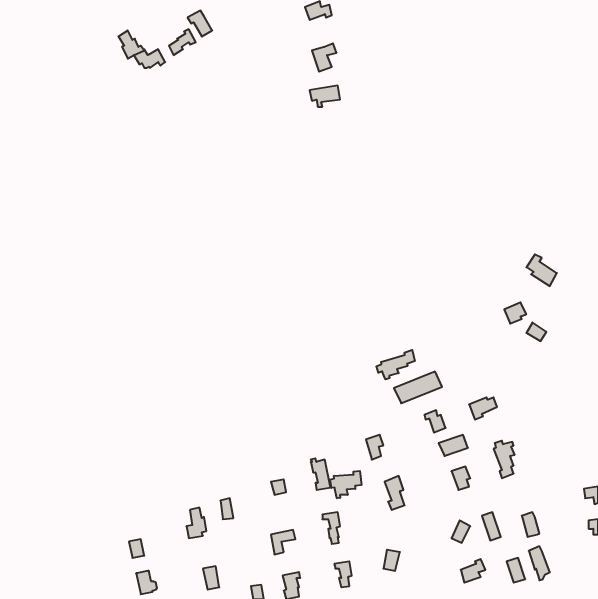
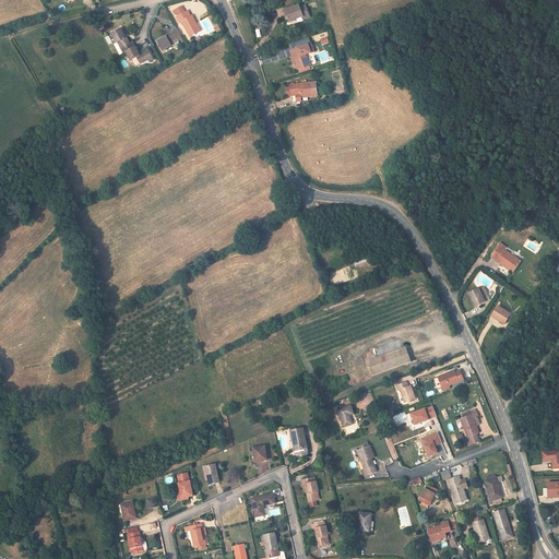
building: [376,350,415,379] -> none
building: [330,471,361,498] -> none

